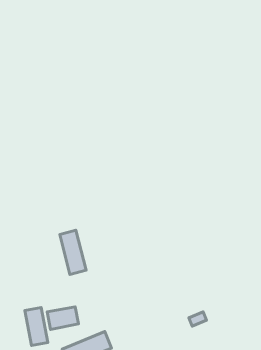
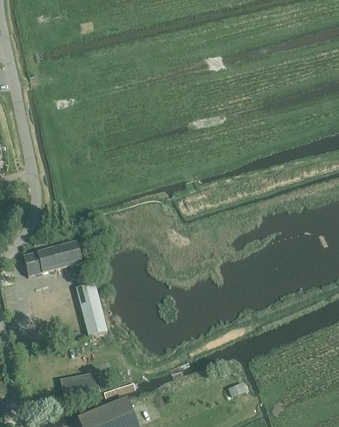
building: none -> [22,240,81,274]
building: [25,308,48,345] -> none

